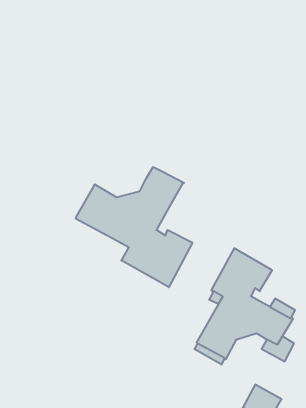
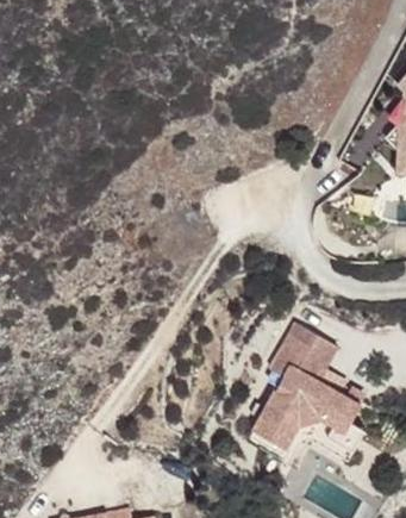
building: [76,167,192,287] -> none

